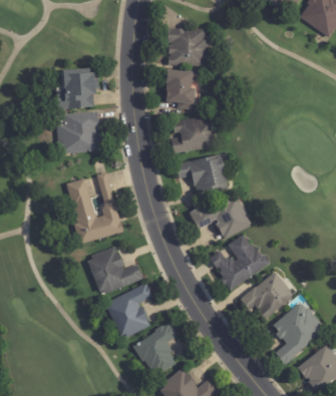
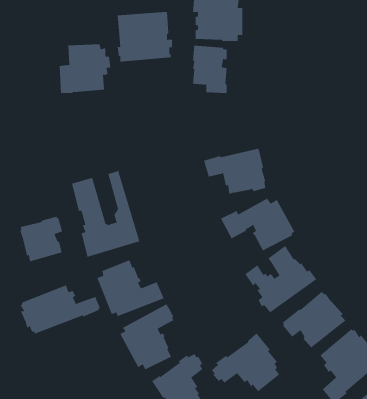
building: [56,111,102,153] -> [117,11,173,62]
building: [172,114,217,152] -> none
building: none -> [20,216,63,262]
building: none -> [20,285,101,335]
building: none -> [211,333,280,392]

